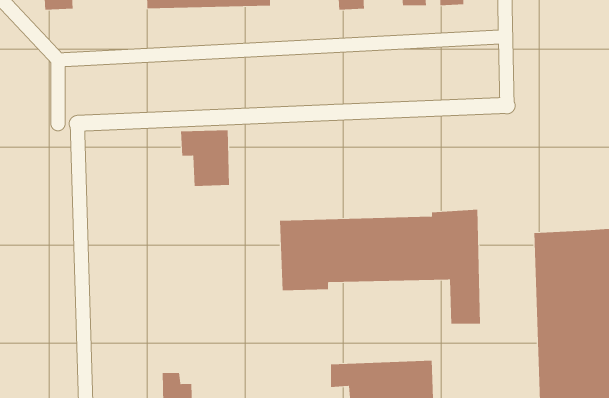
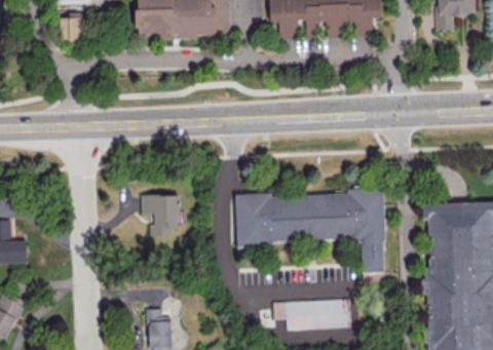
building: [180,130,230,187] -> [141,195,178,237]

